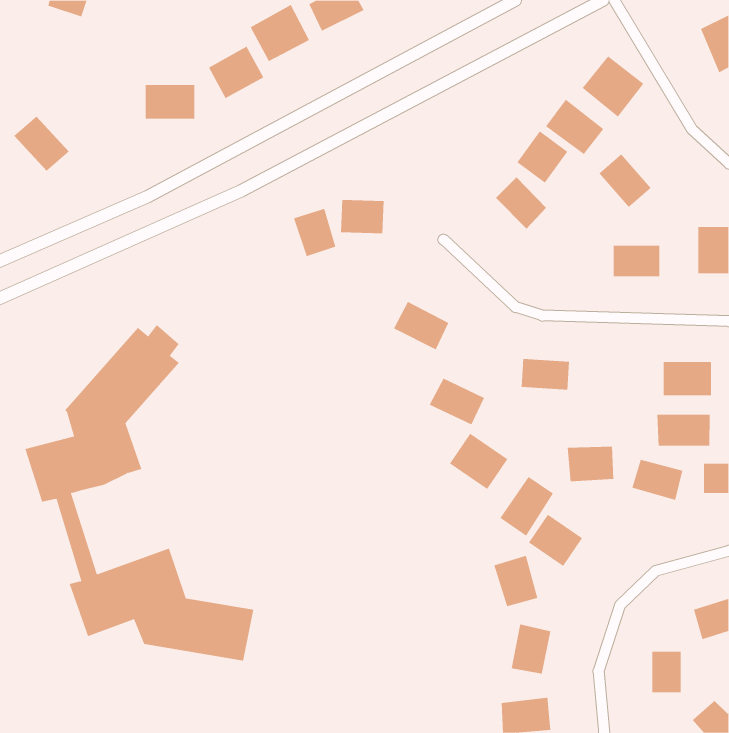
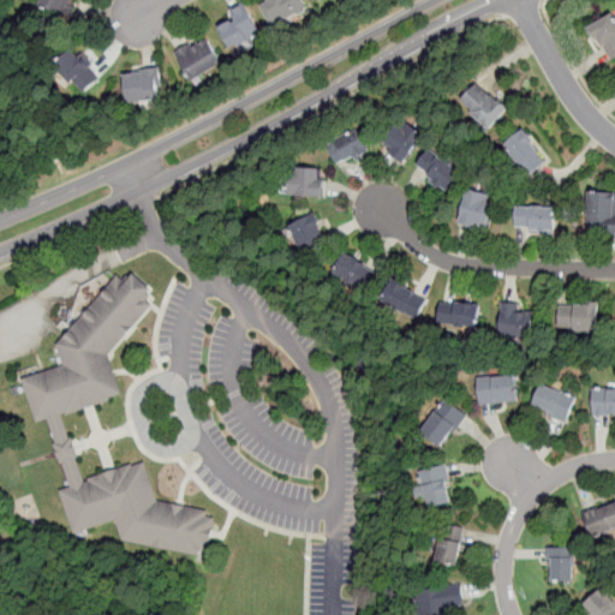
building: [582,55,644,118] -> none
building: [14,116,69,172] -> [52,47,98,94]
building: [516,130,568,184] -> [378,119,422,163]
building: none -> [326,130,368,167]
building: [293,208,336,257] -> [288,214,324,255]
building: none -> [456,189,491,228]
building: none -> [497,301,530,332]
building: [429,378,485,425] -> [378,279,425,318]
building: [657,414,710,446] -> none
building: [449,433,508,490] -> none
building: [528,514,583,567] -> none

